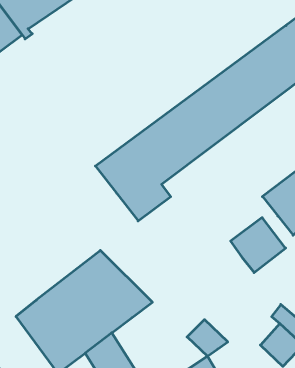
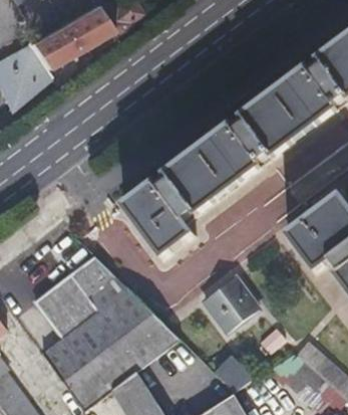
building: none -> [36,252,126,337]
building: [231,218,286,273] -> [204,277,258,332]

